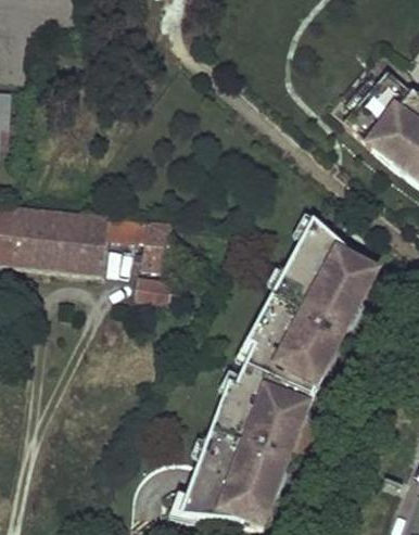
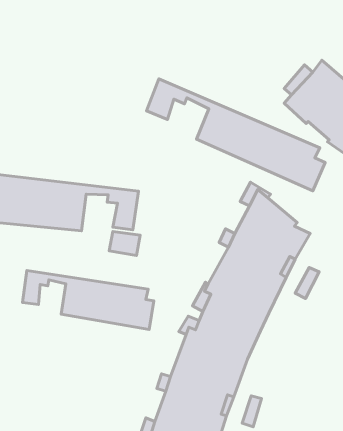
building: none -> [146,79,325,191]
building: none -> [23,270,154,329]

